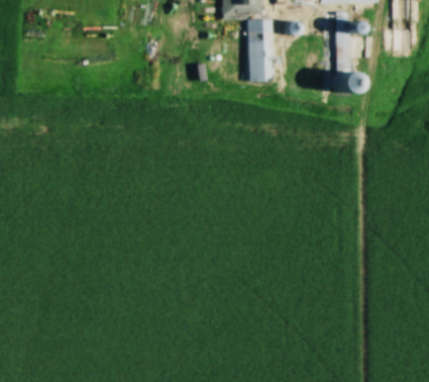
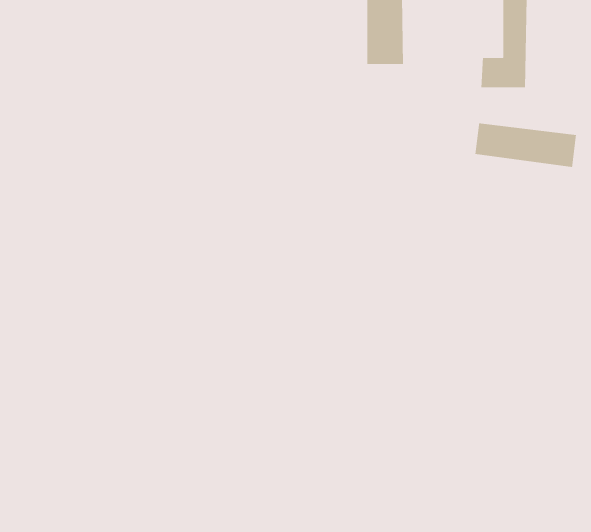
building: none -> [475,123,577,168]

